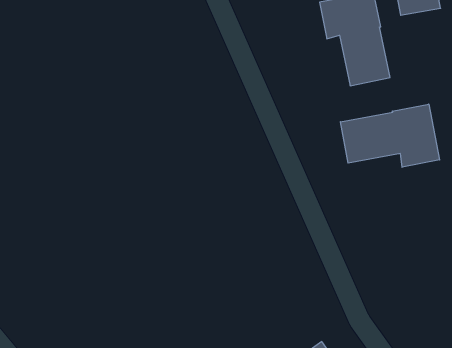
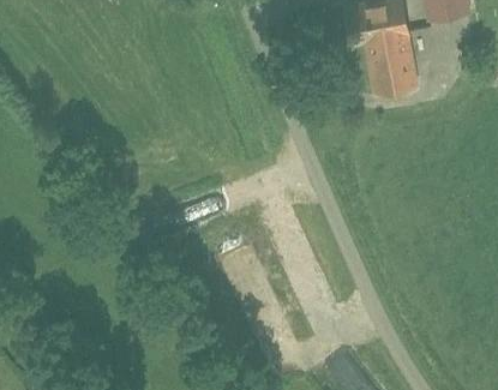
building: [340,104,440,167] -> none

